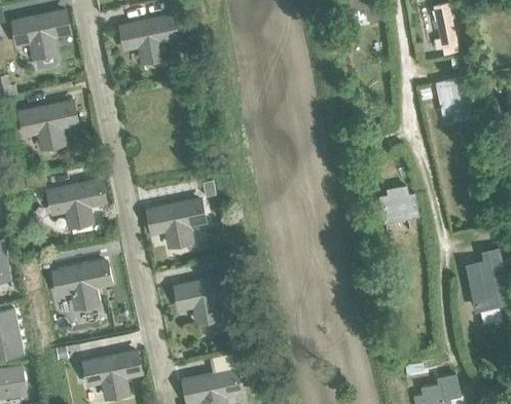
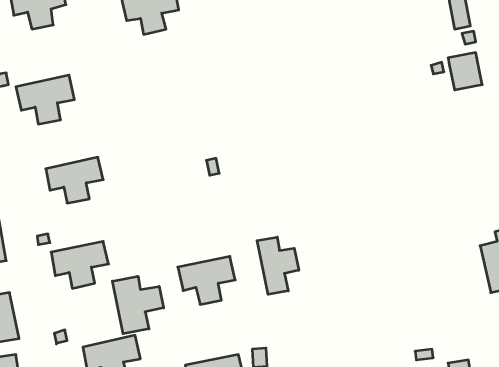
building: [379,187,416,222] -> none
building: [147,199,202,245] -> none
building: none -> [257,237,299,294]
building: none -> [112,276,164,334]

